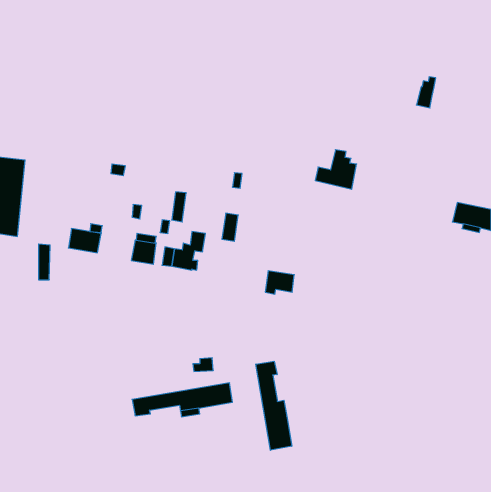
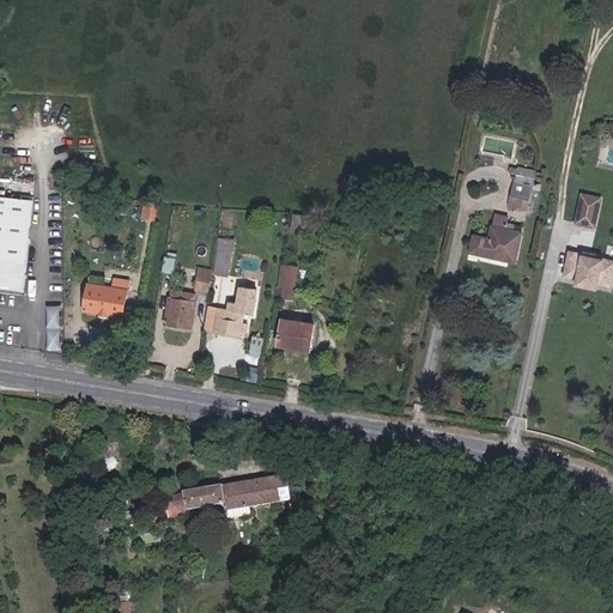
building: [416,77,436,108] -> [508,169,532,207]
building: [315,150,357,189] -> [468,213,520,262]
building: none -> [573,194,599,227]
building: [265,271,294,294] -> [277,318,312,347]
building: [256,361,292,450] -> none

